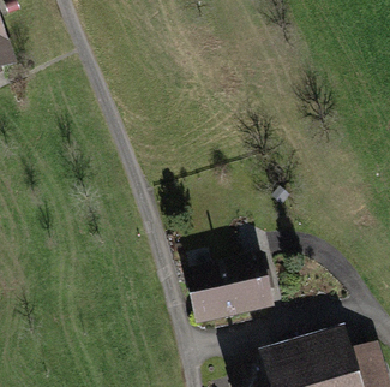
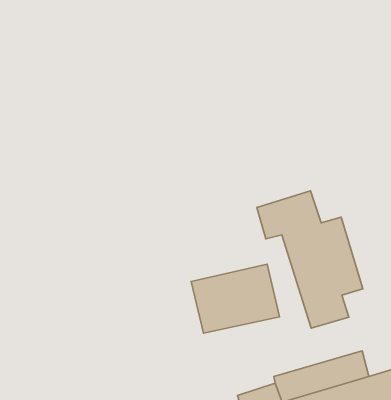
building: none -> [257,191,363,328]

